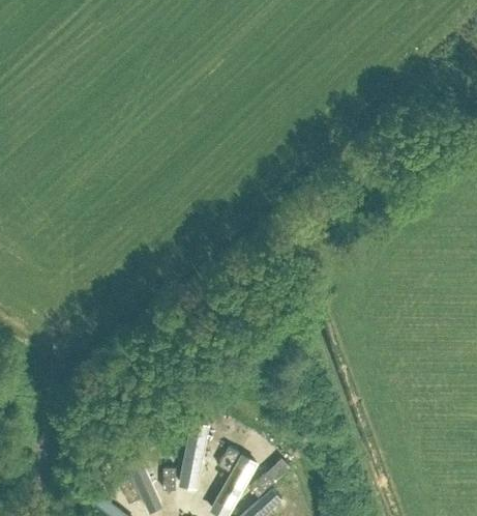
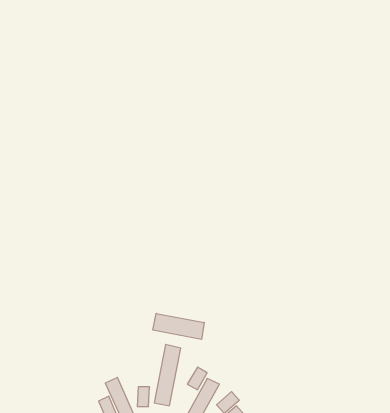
building: none -> [153,313,204,339]

